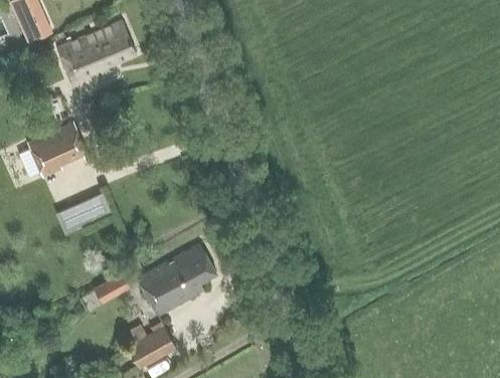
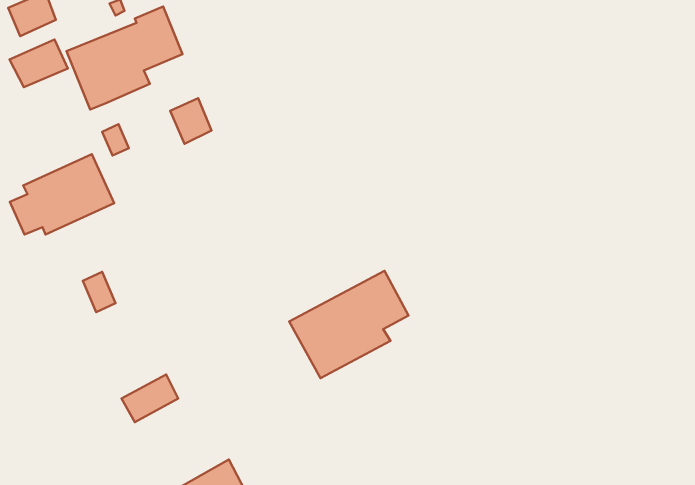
building: none -> [9,40,68,87]
building: none -> [170,98,211,144]
building: [136,243,216,316] -> [289,271,408,378]

